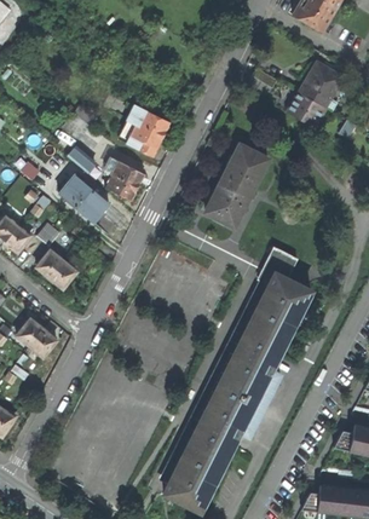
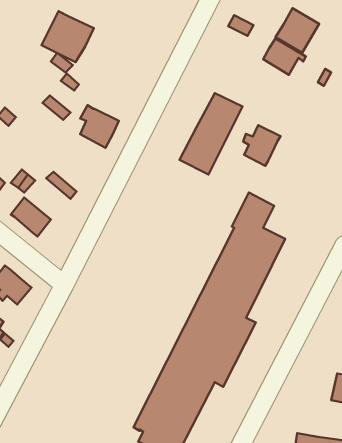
building: [119,104,171,155] -> [42,11,94,62]
building: [58,174,109,221] -> none
building: none -> [243,125,280,166]

